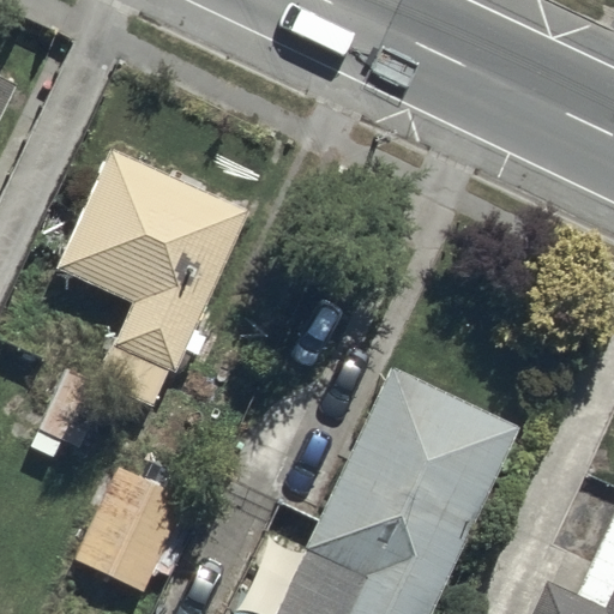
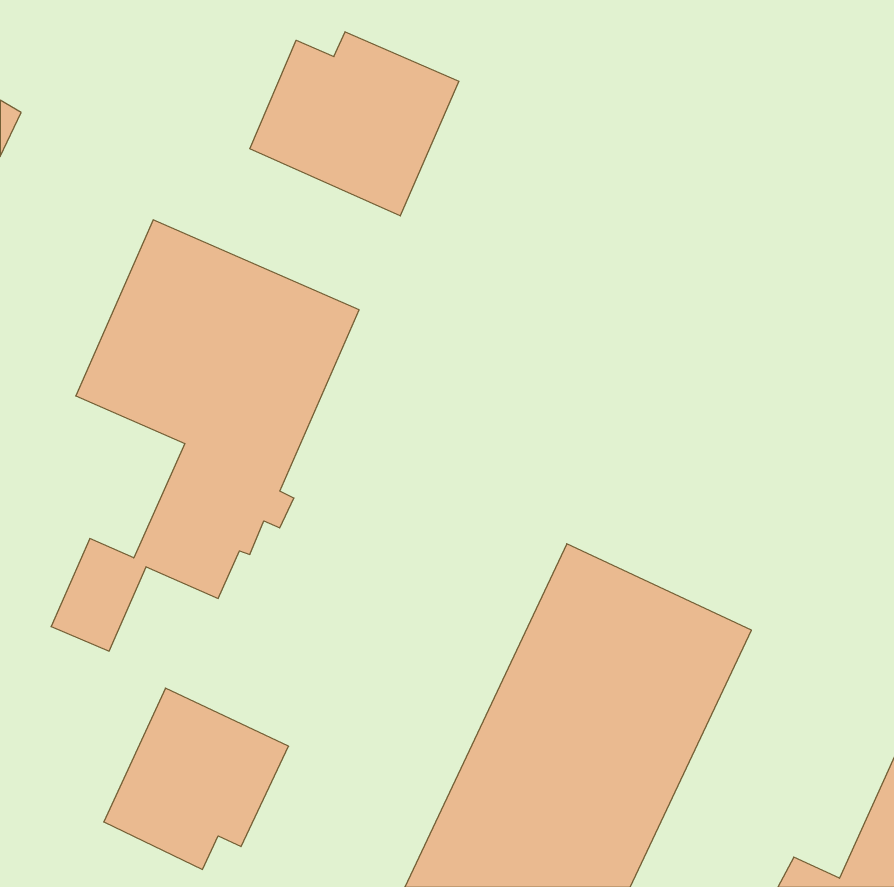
building: none -> [250,32,459,216]

